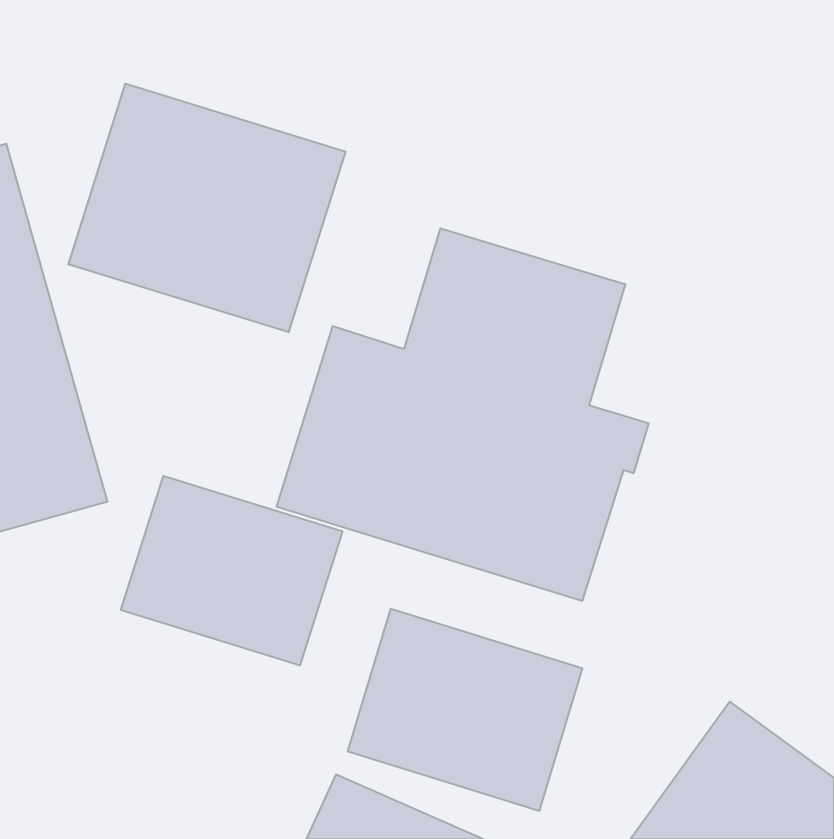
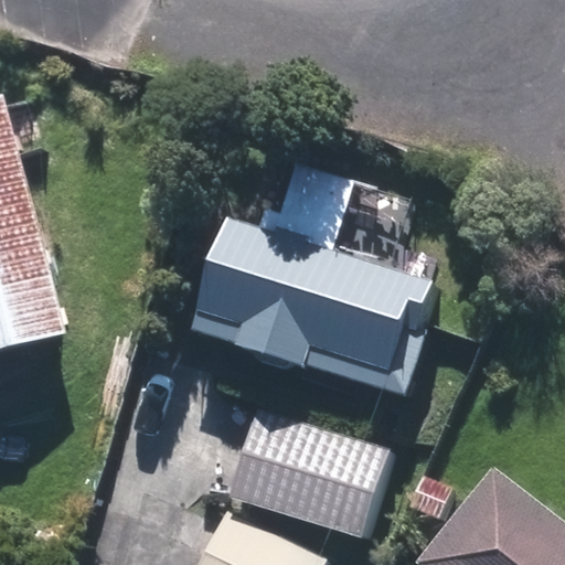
building: [68,84,345,332] -> none
building: [121,476,342,666] -> none

